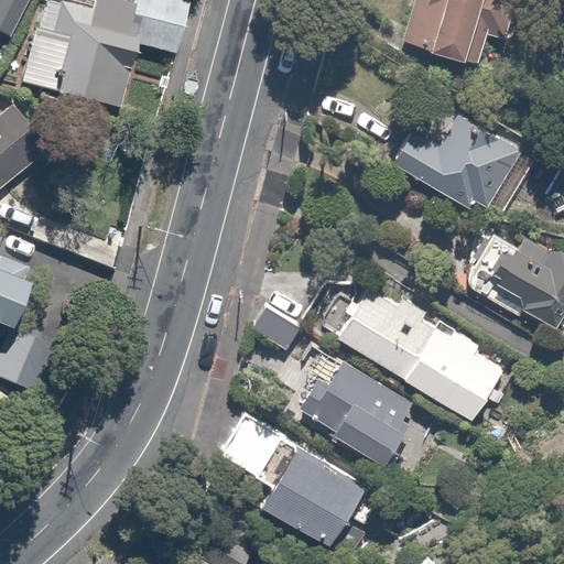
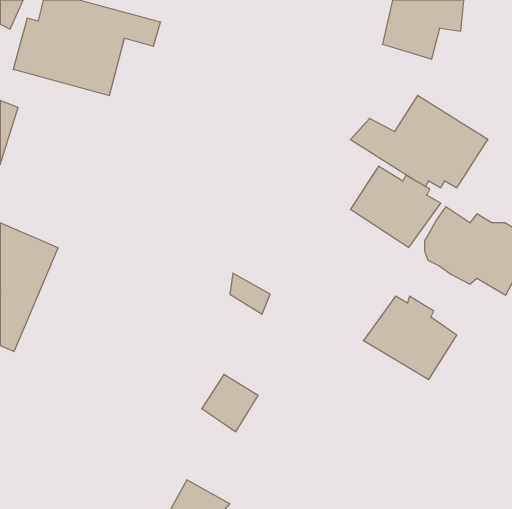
building: [336,289,435,378] -> [351,166,441,247]
building: [301,360,420,465] -> none
building: [258,446,360,539] -> none

